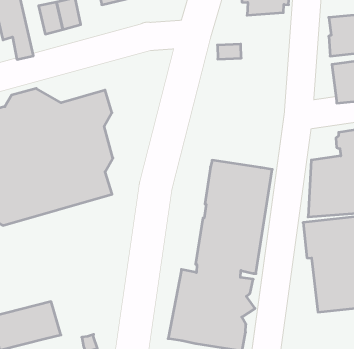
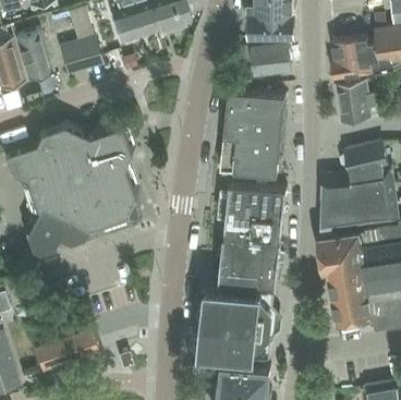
building: none -> [235,40,291,72]
building: none -> [220,89,284,174]

